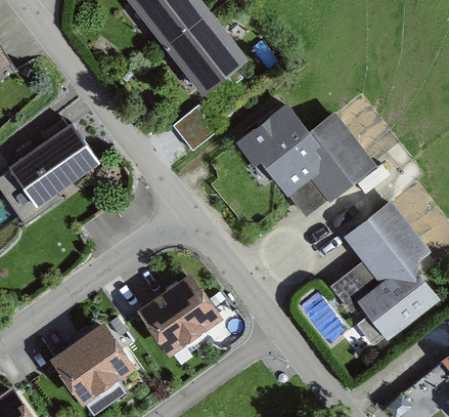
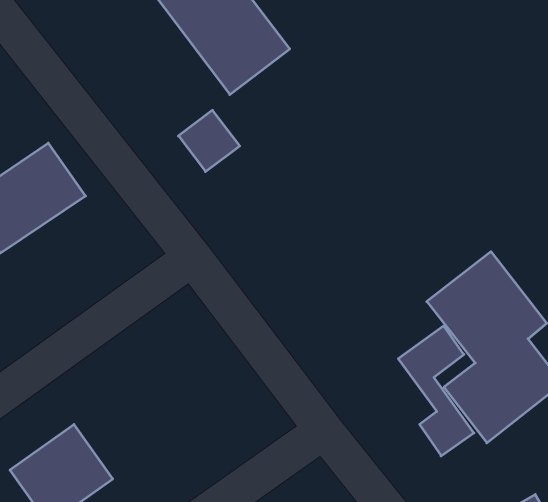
building: [243,101,374,217] -> none
building: [134,279,209,351] -> none

